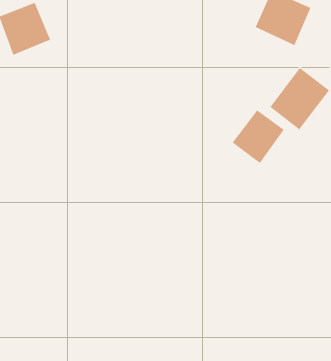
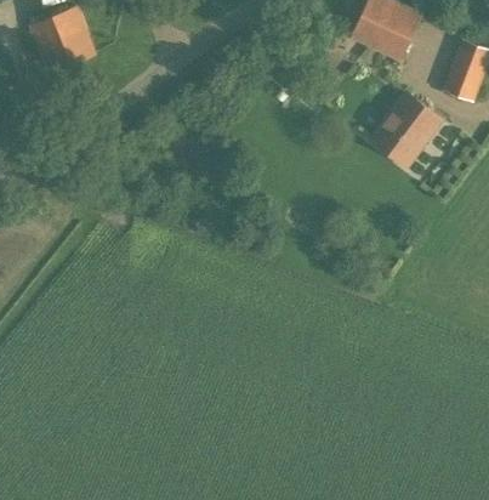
building: [232,109,285,164] -> none

